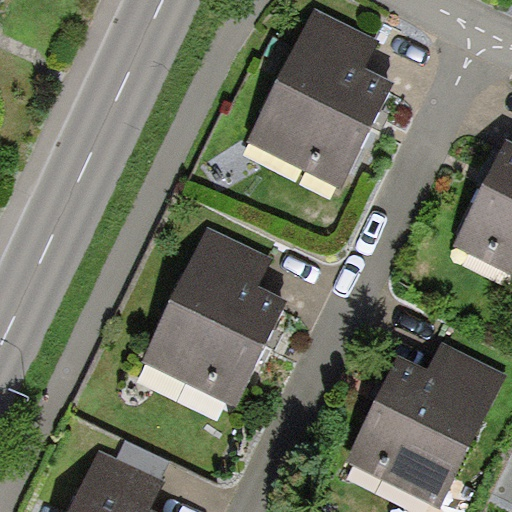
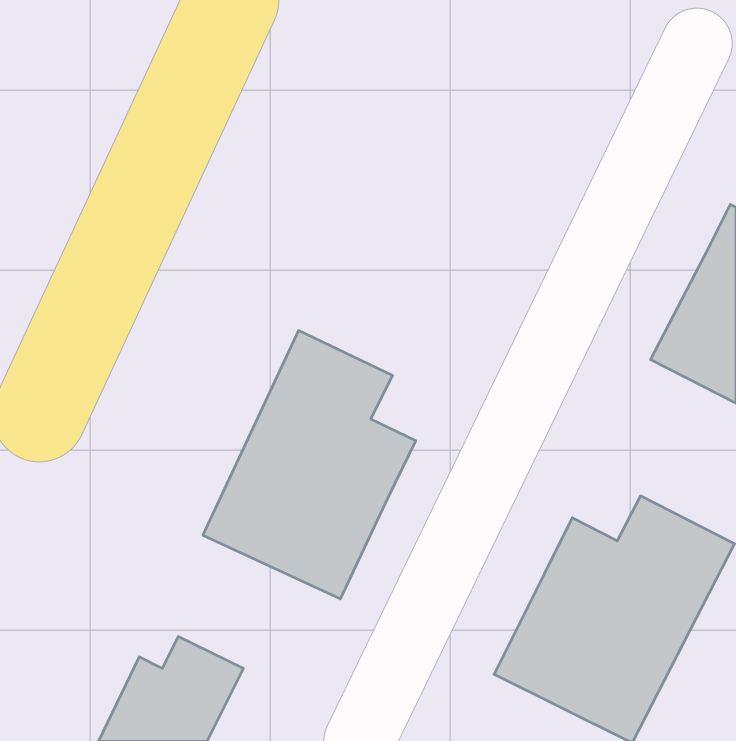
building: [246,8,397,191] -> none

